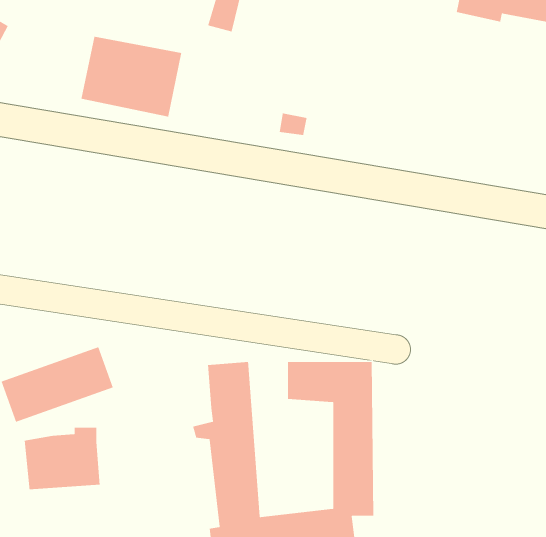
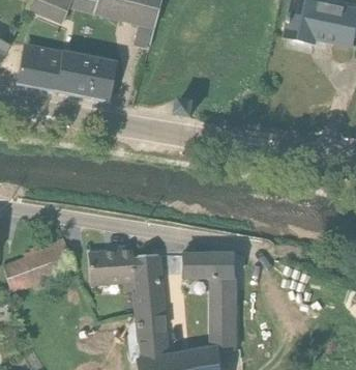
building: none -> [17,42,62,90]
building: [24,427,100,490] -> [87,246,135,285]

